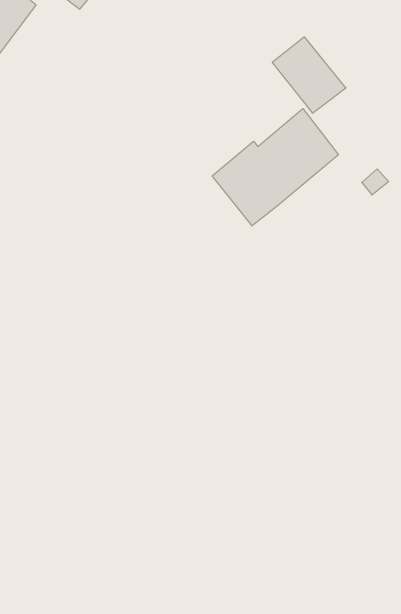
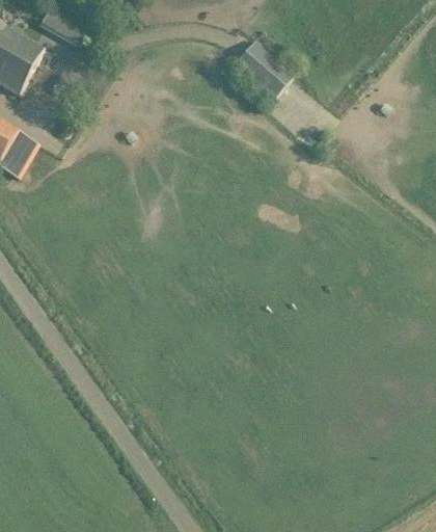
building: [212,109,338,226] -> none

